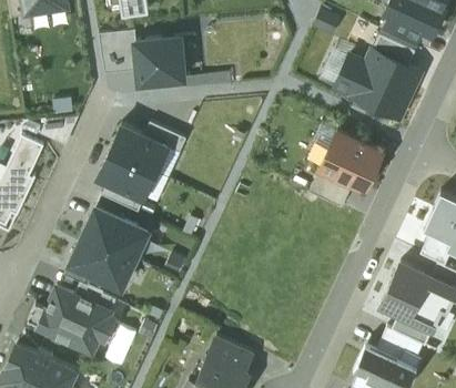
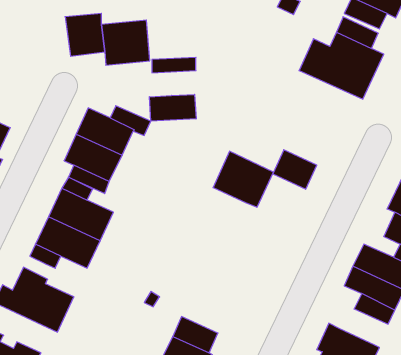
building: none -> [149,94,196,121]
building: [320,132,381,188] -> [213,151,274,207]
building: [74,284,115,317] -> none
building: [376,327,423,366] -> none

